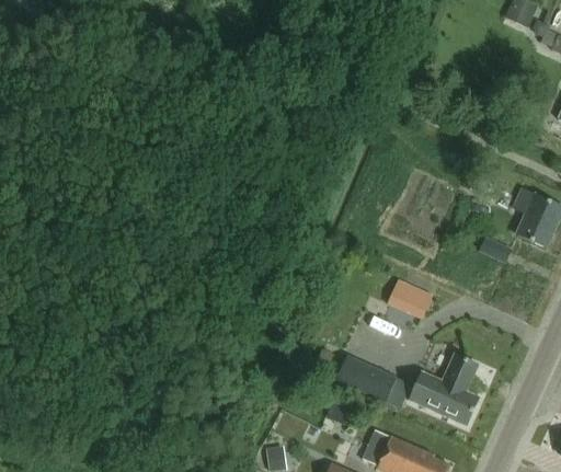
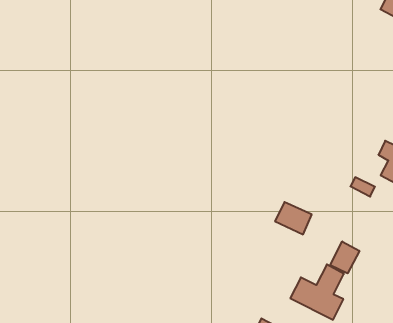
building: none -> [330,241,359,273]
building: [335,355,394,401] -> none

